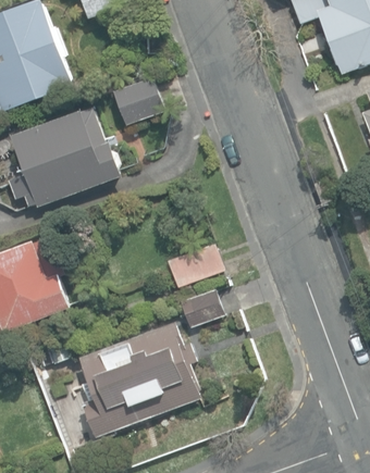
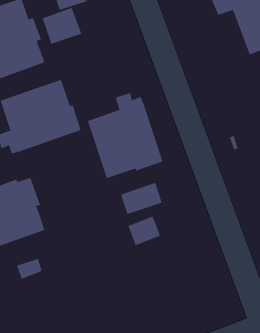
building: [114,76,168,125] -> [42,7,82,44]
building: none -> [87,92,163,179]
building: [79,322,202,437] -> none

